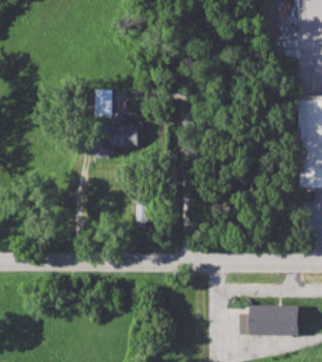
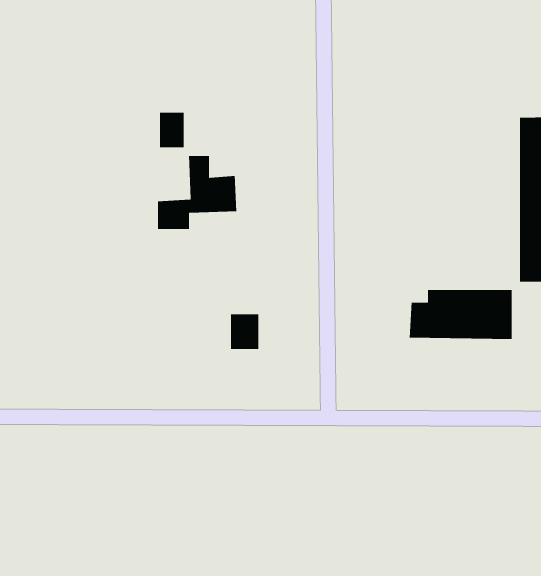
building: [240,306,299,335] -> [409,289,513,340]

